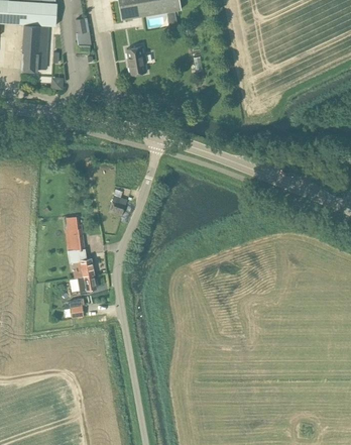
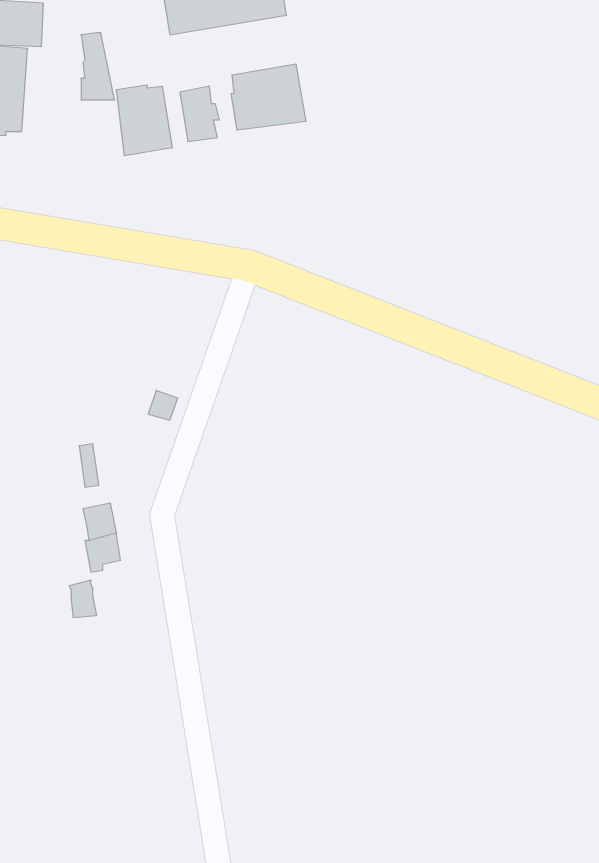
building: none -> [231,64,306,130]
building: none -> [116,85,172,156]

